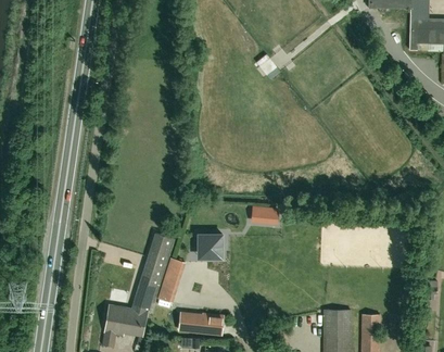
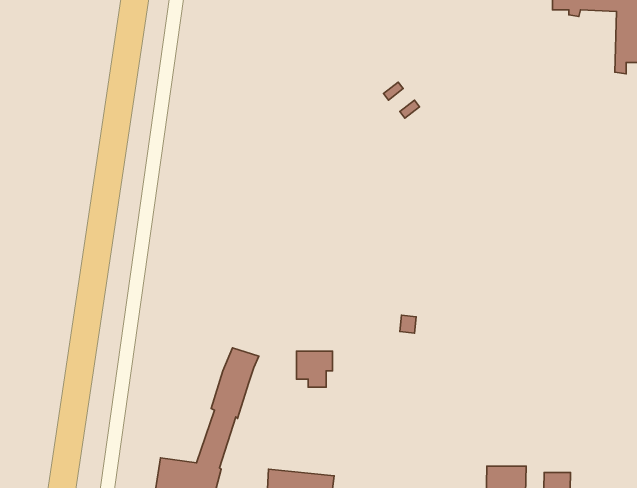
building: [157,255,186,303] -> none

